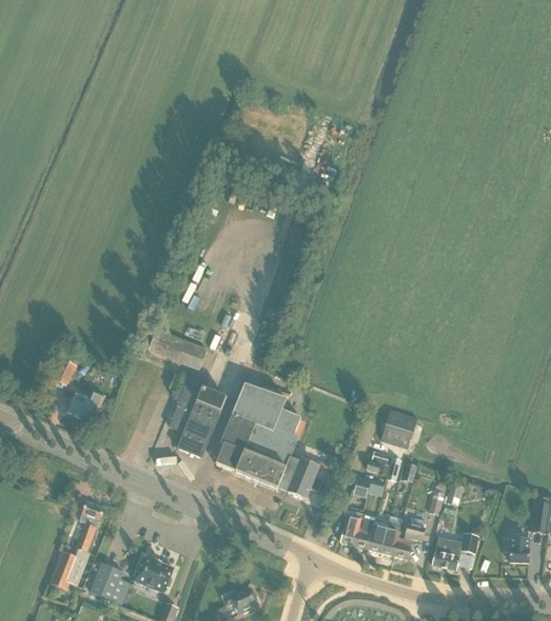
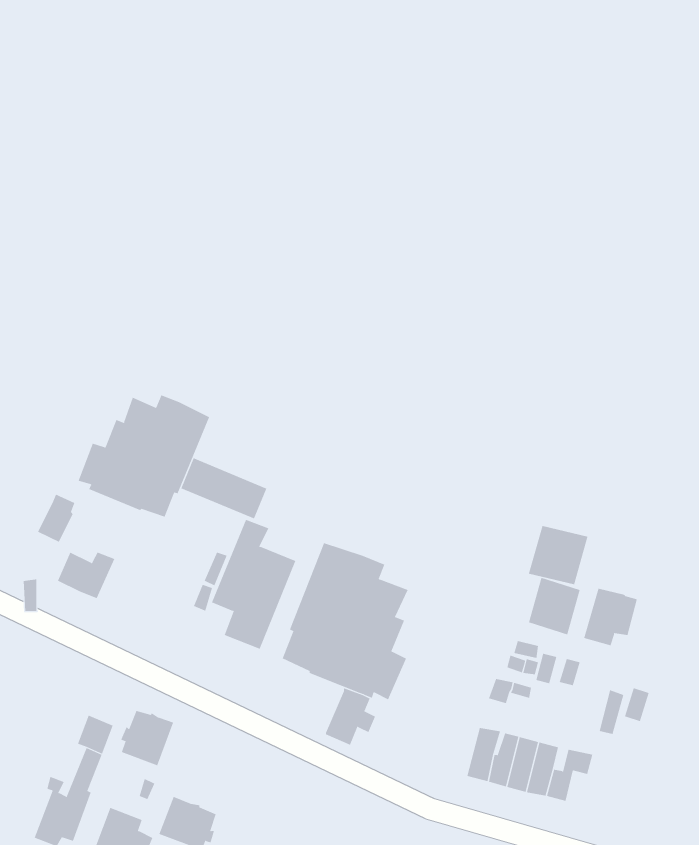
building: none -> [78,394,210,518]
building: none -> [528,525,588,585]
building: none -> [583,588,638,646]
building: [288,460,322,498] -> [325,688,376,745]
building: none -> [121,710,174,766]
building: [432,531,478,569] -> none

